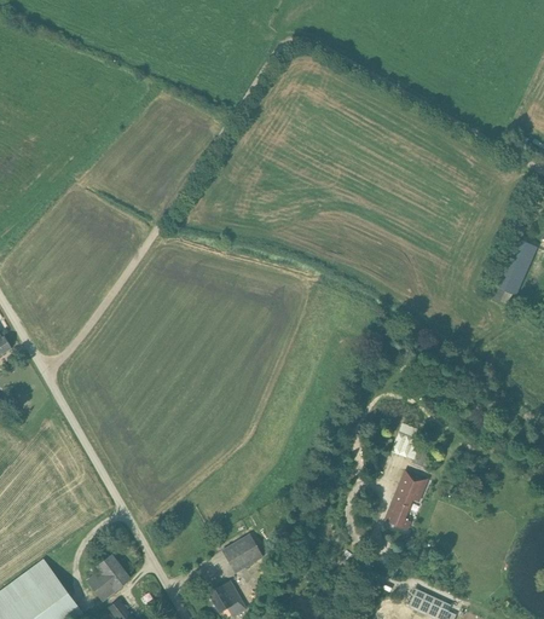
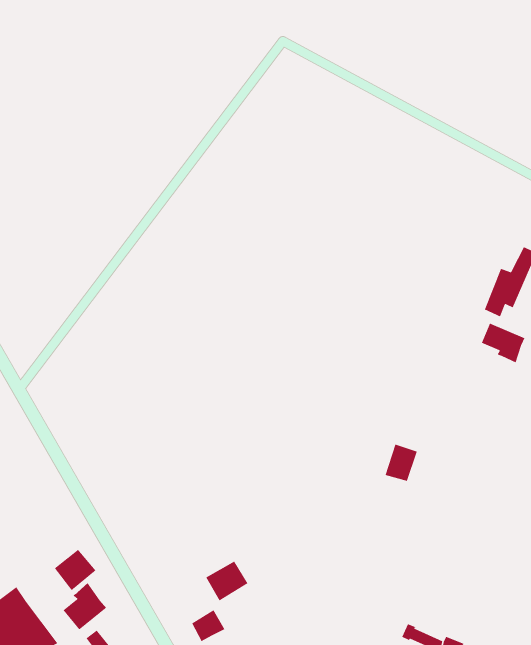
building: none -> [481,322,525,363]
building: [386,470,427,527] -> none
building: none -> [54,549,97,591]

